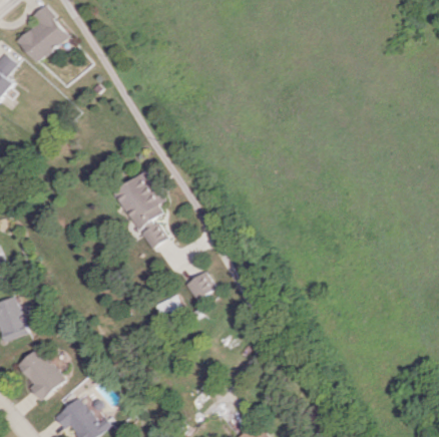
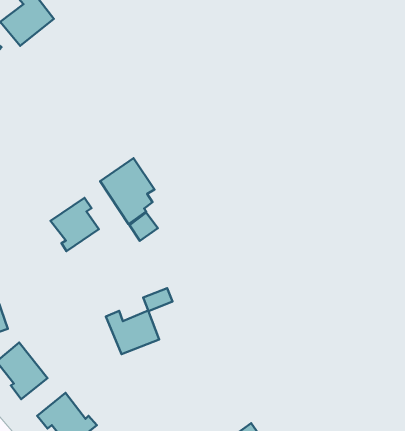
building: none -> [51,198,99,251]
building: [184,272,215,302] -> none
building: none -> [106,311,159,354]

